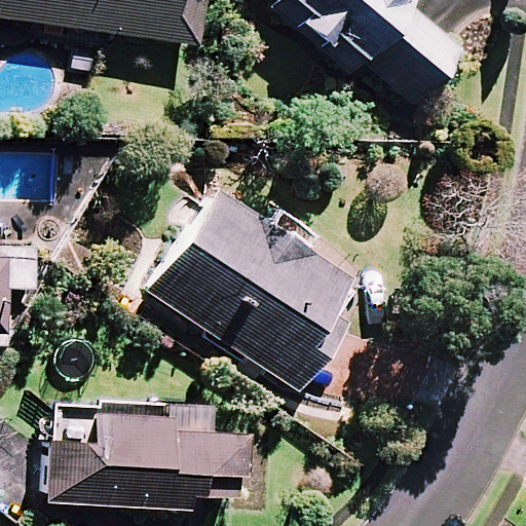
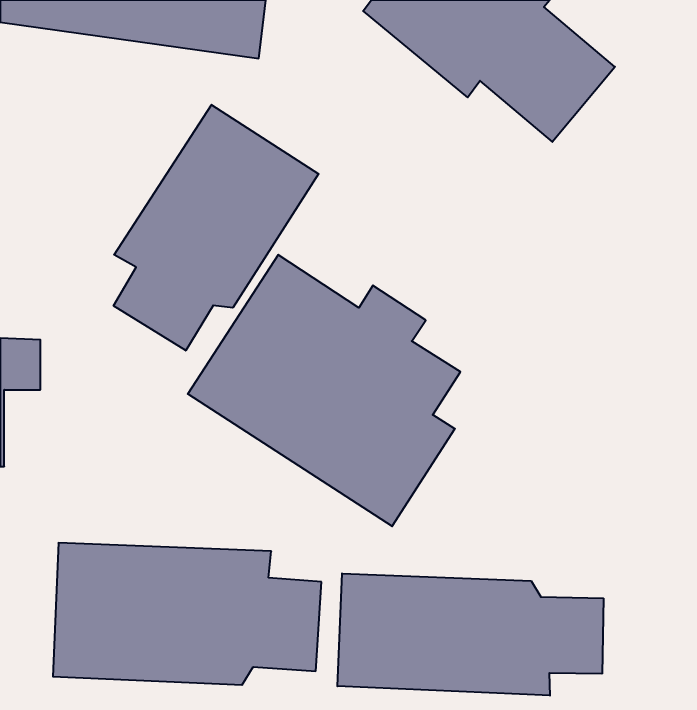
building: none -> [114,105,319,351]
building: none -> [337,573,603,696]

